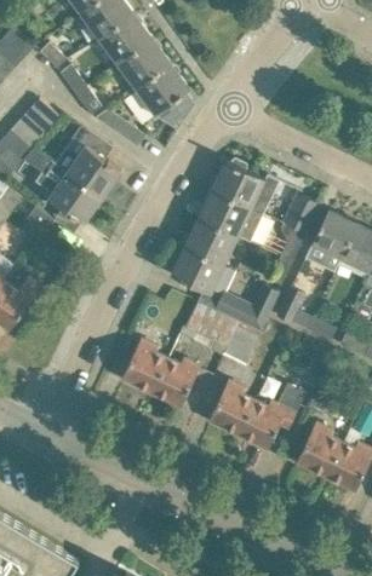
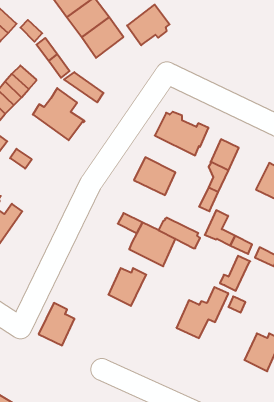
building: [136,64,190,116] -> [127,5,170,45]
building: [34,161,101,224] -> none
building: [199,190,263,243] -> none
building: [311,209,357,259] -> none
building: [171,247,224,295] -> none
building: [223,322,261,365] -> none
building: [121,339,167,393] -> [39,303,75,345]
building: [208,381,254,436] -> none
building: [296,424,342,477] -> none

